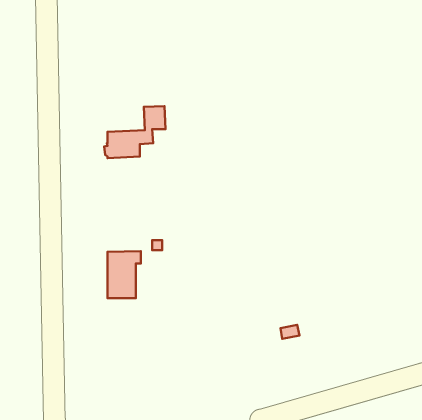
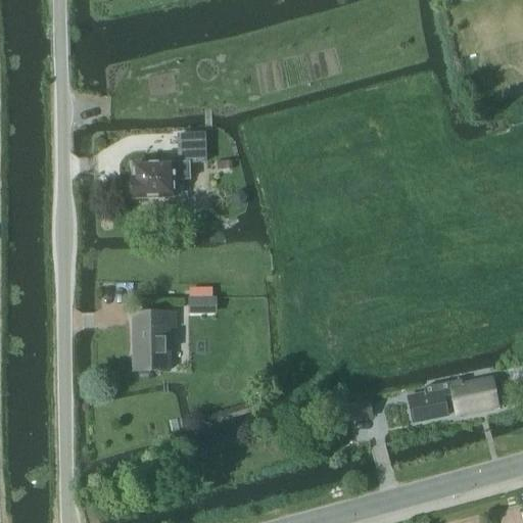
building: none -> [409,377,496,420]

